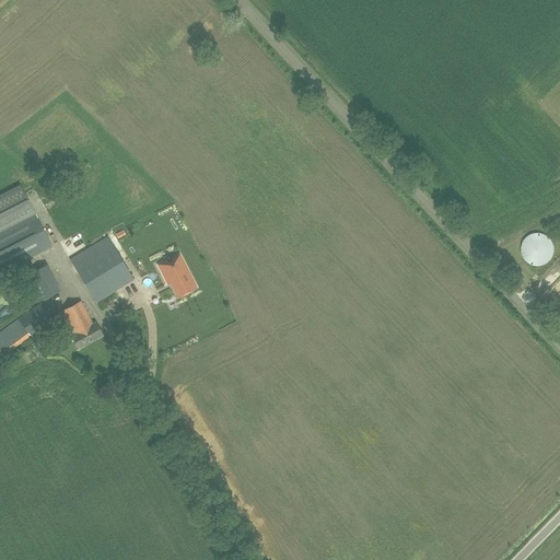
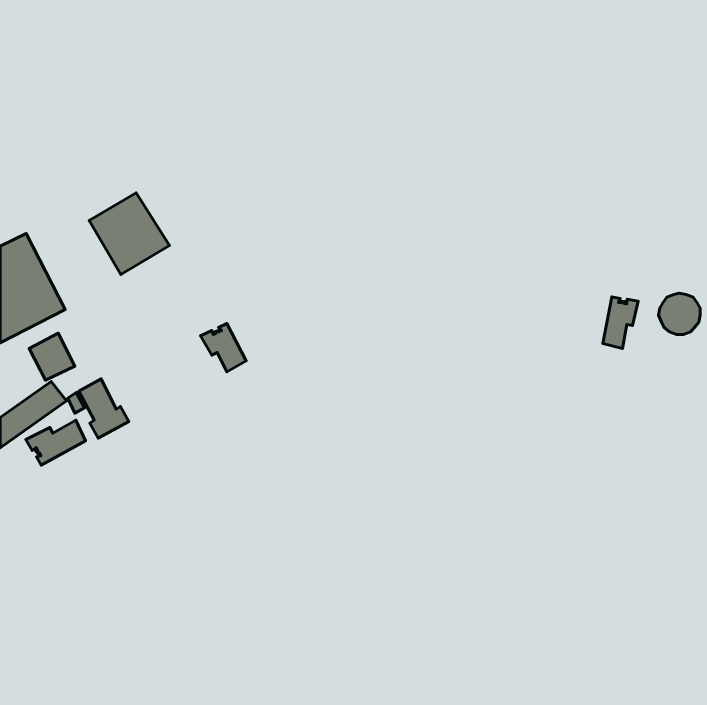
building: none -> [603,297,638,348]
building: [70,236,133,301] -> [89,193,169,274]
building: none -> [26,420,86,465]

